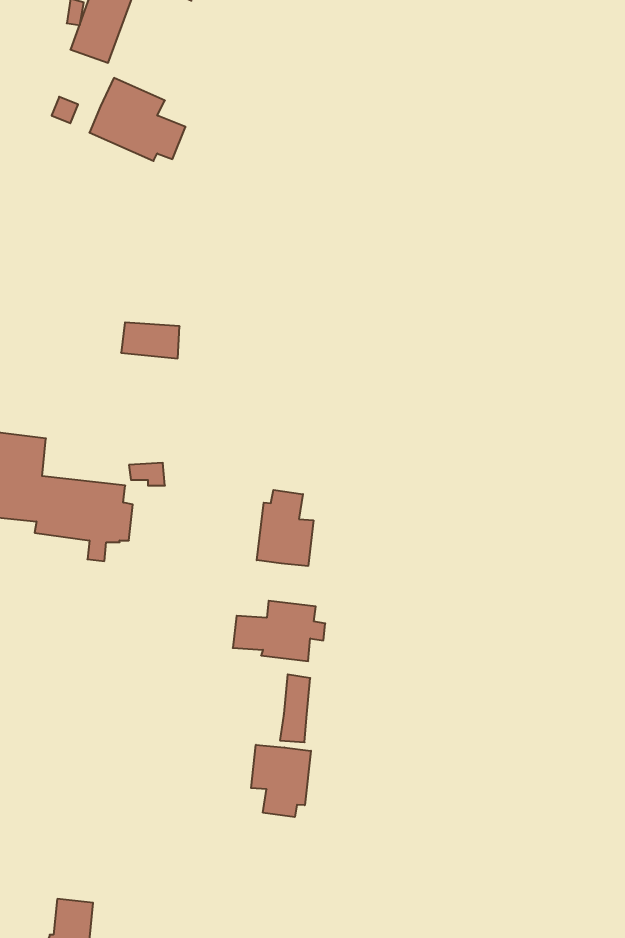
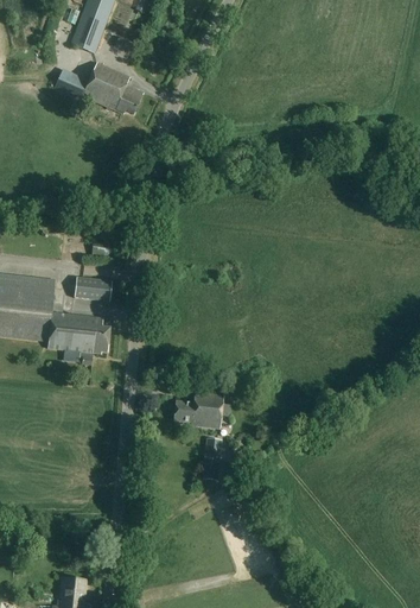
building: [121,322,180,358] -> [74,277,110,299]
building: [257,490,313,566] -> none
building: [251,745,311,817] -> none

